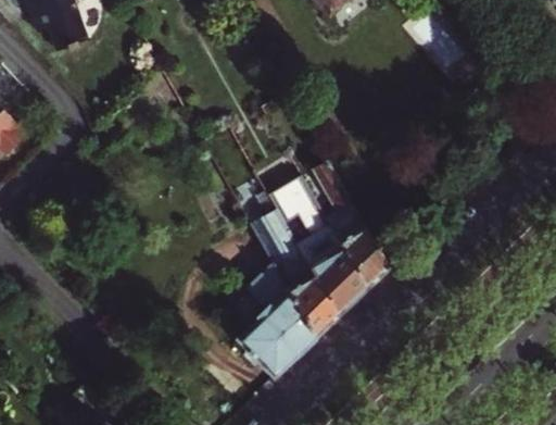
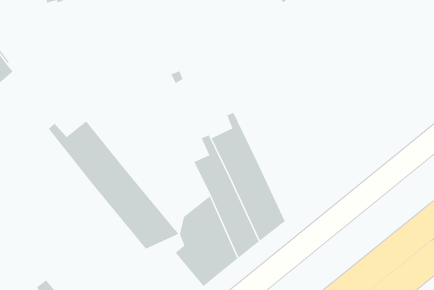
building: [314,161,390,288] -> none
building: none -> [48,120,179,250]

